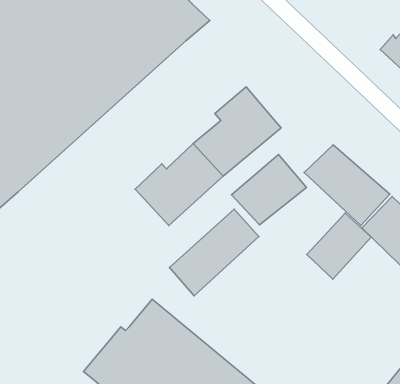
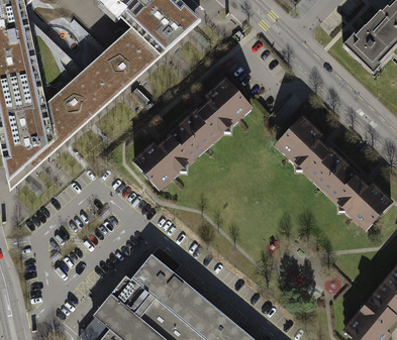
building: [231,154,306,225] -> none
building: [170,209,259,296] -> none
building: [307,213,371,279] -> none

